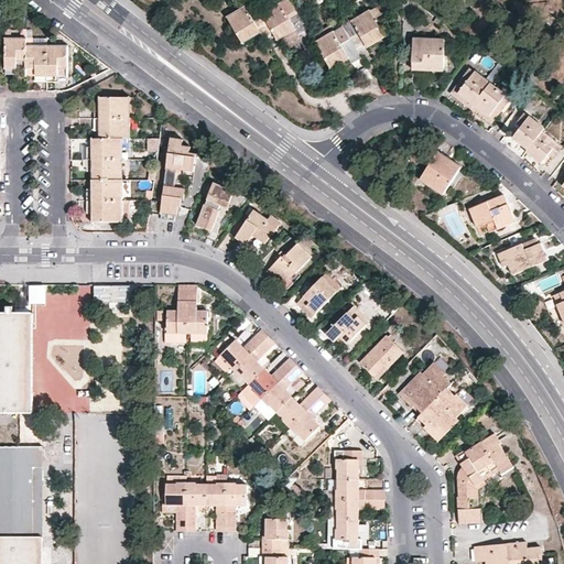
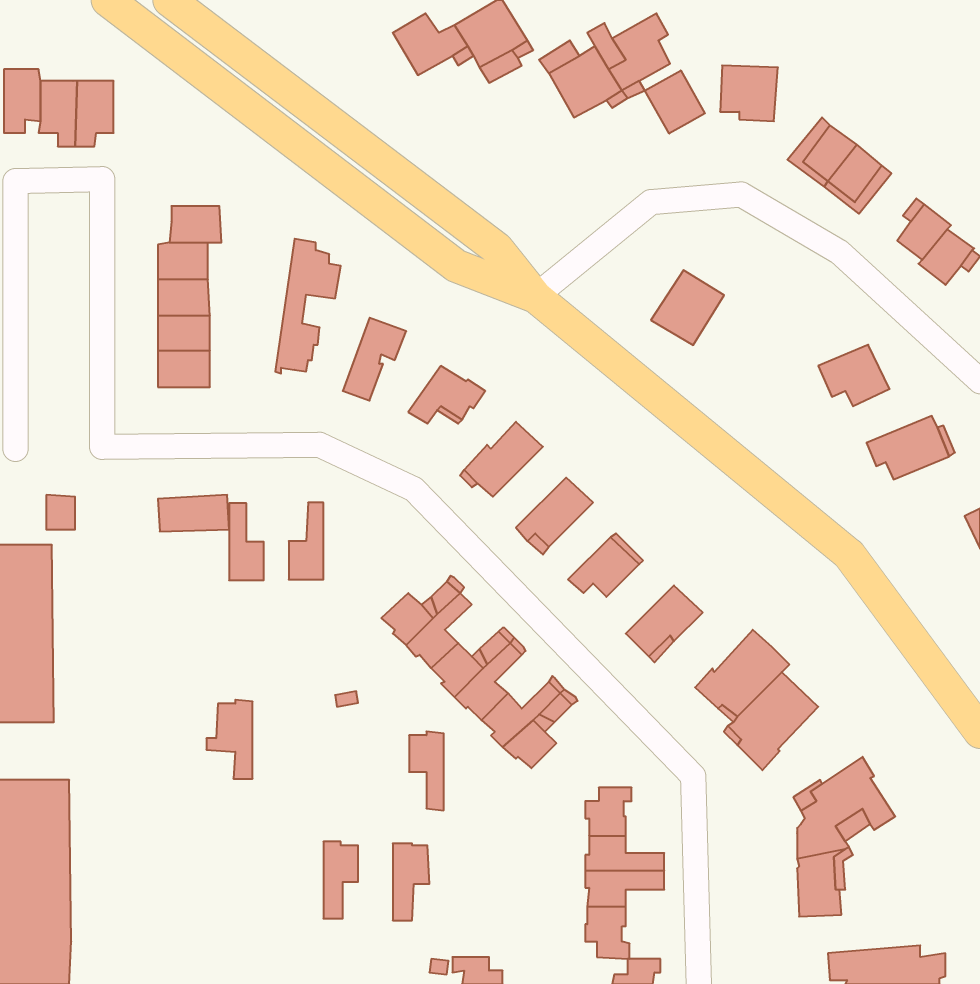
building: none -> [645,70,705,134]
building: [97,98,126,118] -> none
building: [417,151,459,194] -> [651,270,724,345]
building: [185,288,205,332] -> [229,503,264,580]
building: [159,480,185,525] -> [206,700,253,779]
building: [205,481,225,527] -> [409,731,444,810]
building: [259,518,288,547] -> none

